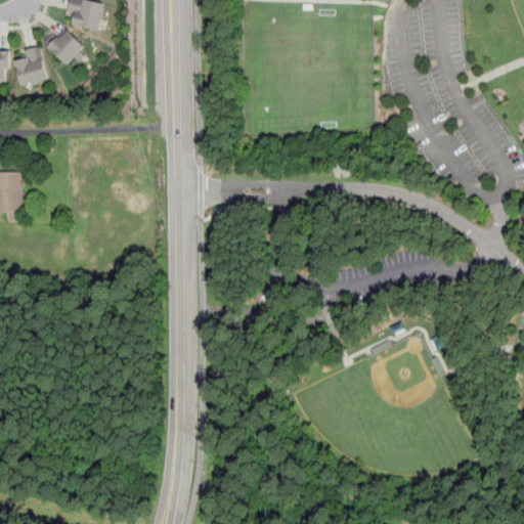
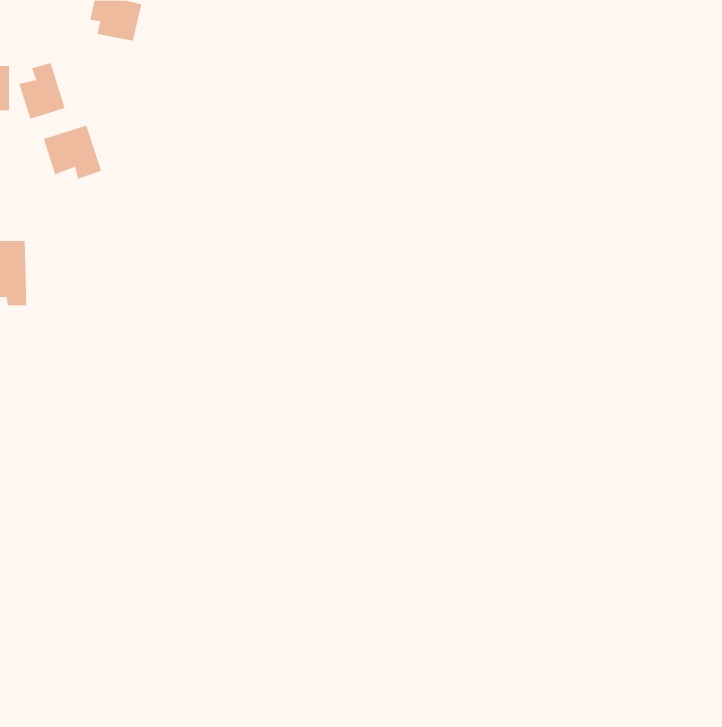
building: [43,28,83,62] -> none
building: none -> [43,125,102,180]

